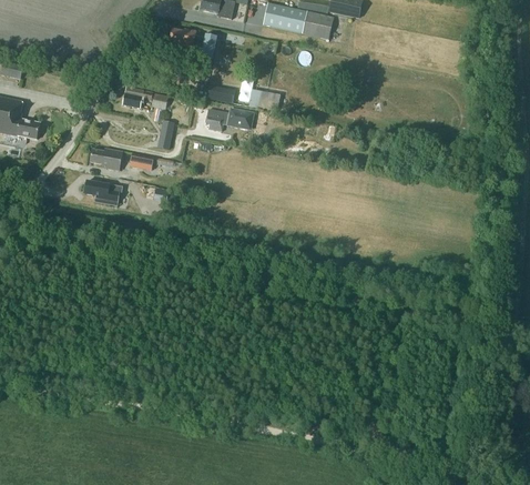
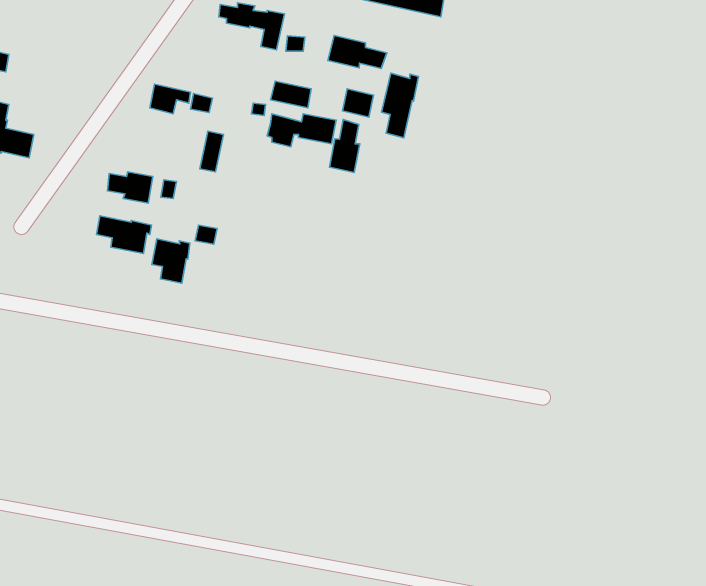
building: none -> [328,35,387,68]
building: none -> [382,73,419,138]
building: none -> [329,120,360,172]
building: none -> [152,239,190,283]

